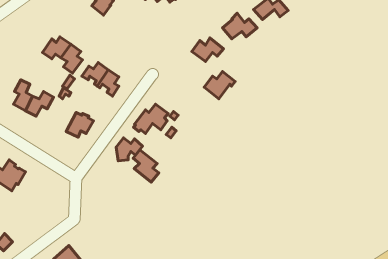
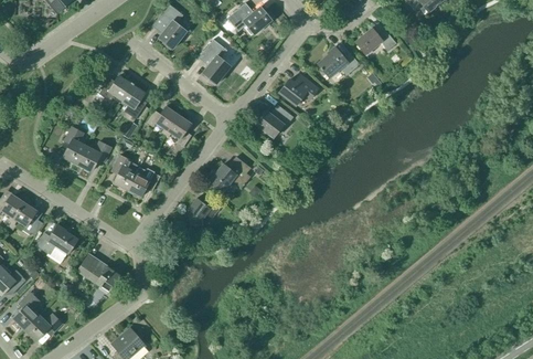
building: none -> [199,38,230,83]
building: [204,72,235,99] -> [256,104,294,137]
building: none -> [115,154,140,189]
building: [133,150,159,182] -> none
building: none -> [77,253,121,291]

